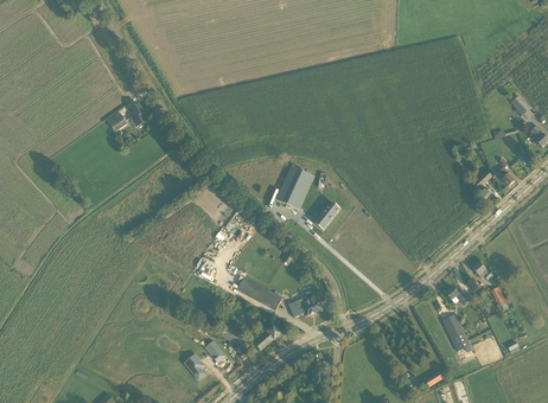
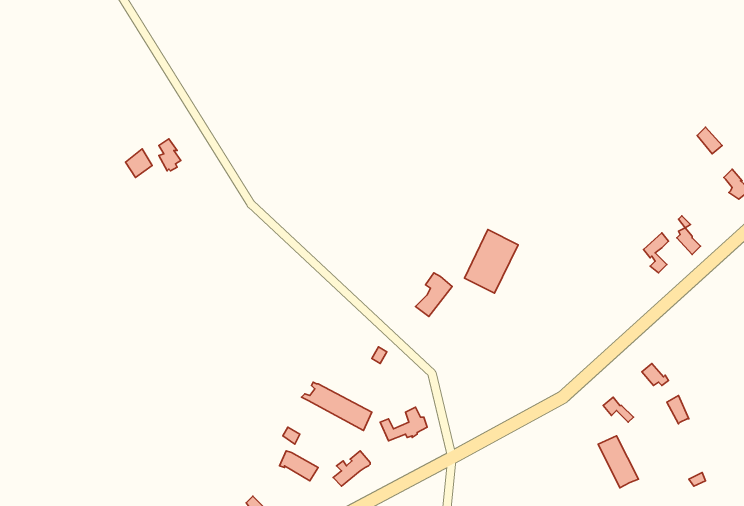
building: [274,165,312,210] -> [464,230,518,293]

